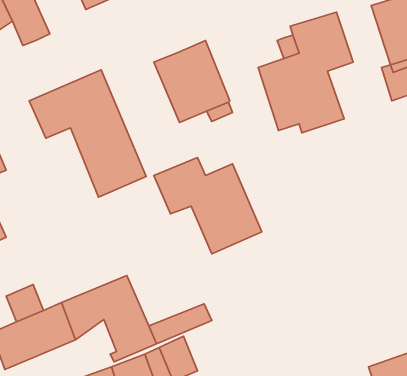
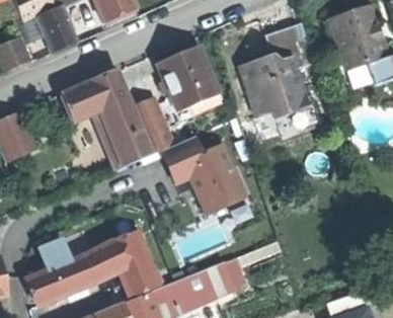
building: none -> [133,99,173,154]
building: none -> [181,262,234,307]

